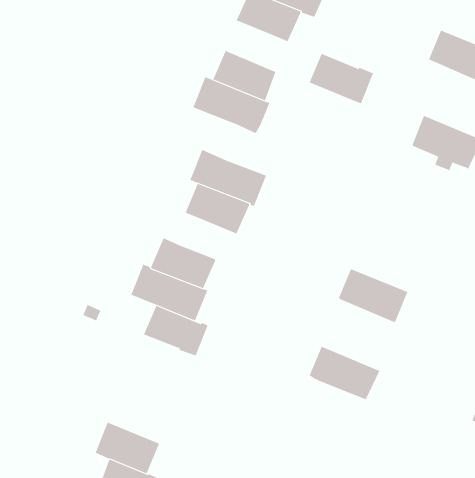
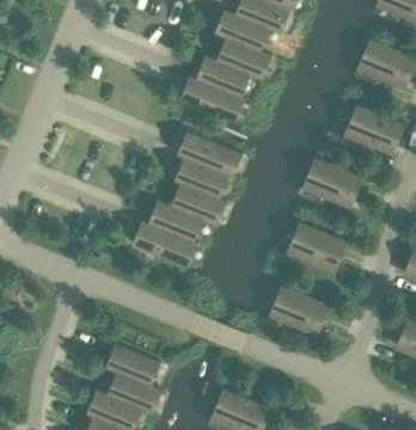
building: [309,53,374,104] -> [218,39,268,79]
building: none -> [308,161,362,203]
building: [143,305,208,356] -> [172,185,222,225]

